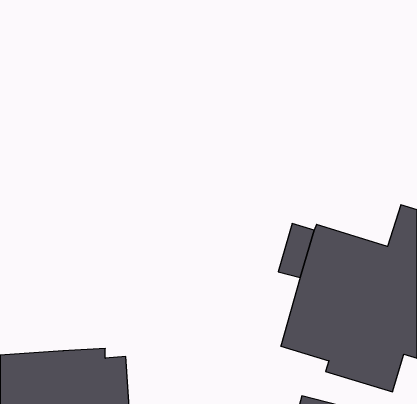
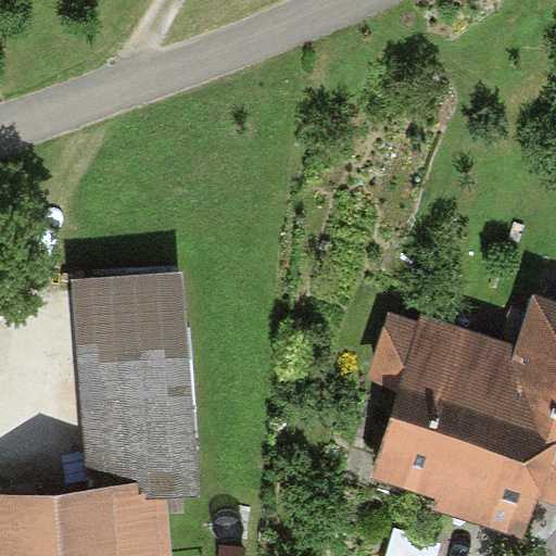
building: none -> [74,276,193,494]

